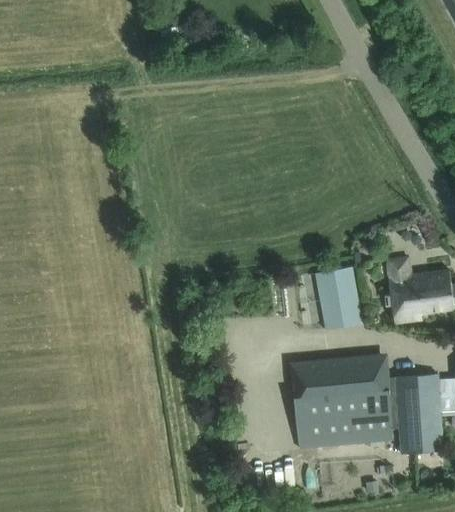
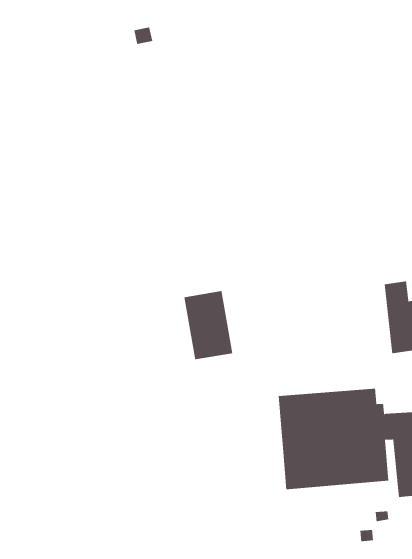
building: [316,267,361,330] -> [183,290,233,360]

